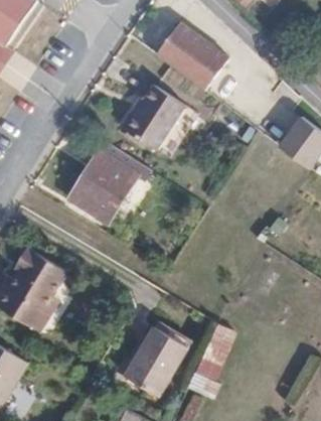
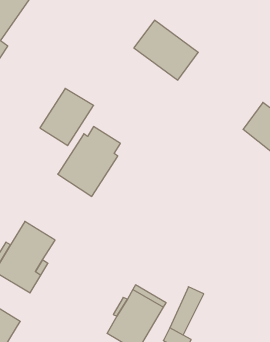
building: [125,85,185,149] -> [40,88,94,146]

